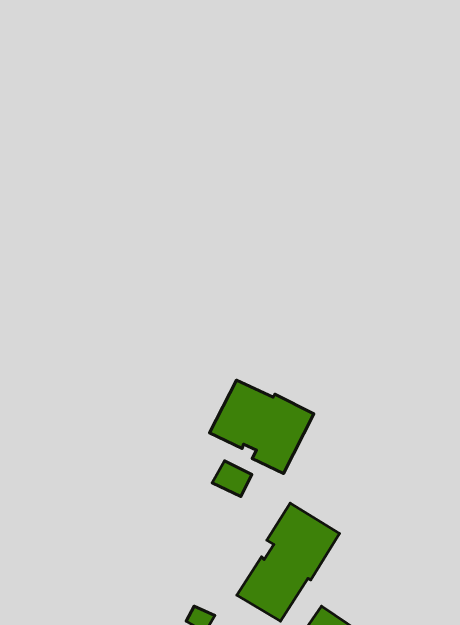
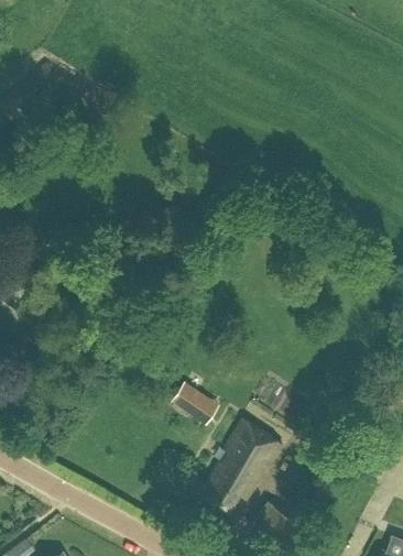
building: [209,380,314,474] -> none

